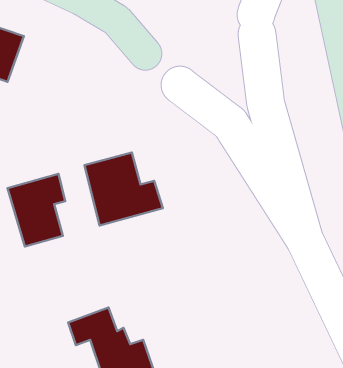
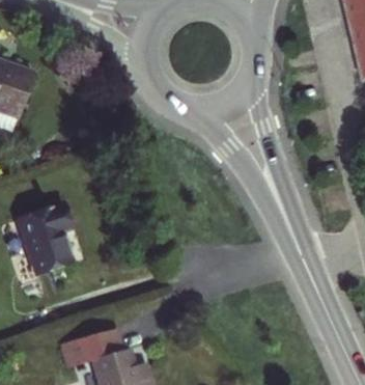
building: [84,152,163,226] -> none

